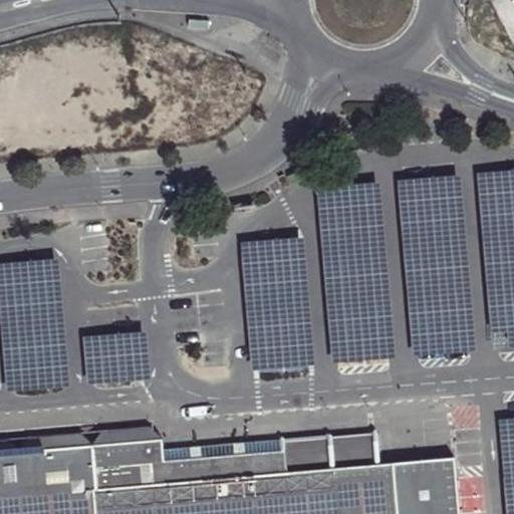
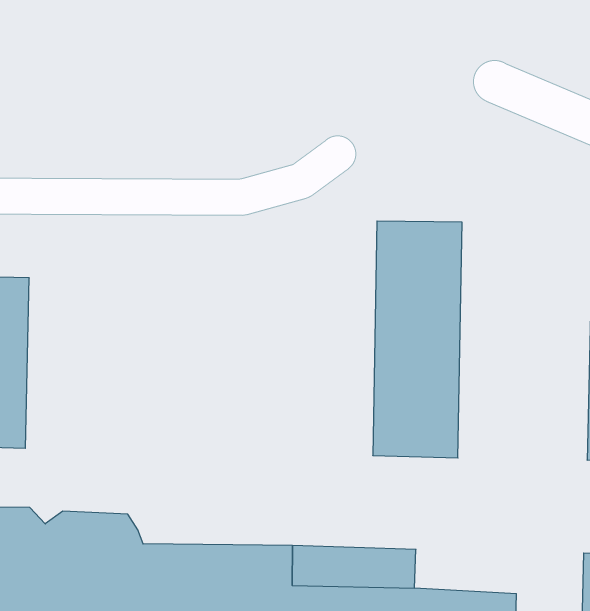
building: [399,177,475,358] -> none
building: [241,239,315,372] -> none
building: [82,334,150,387] -> none

